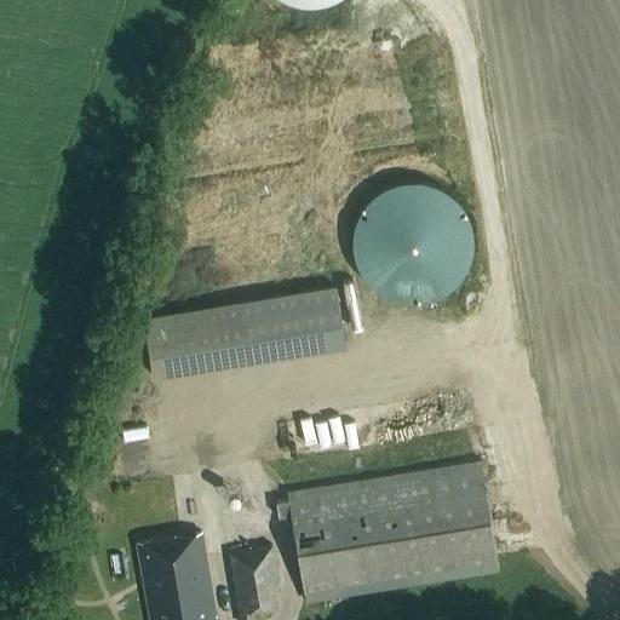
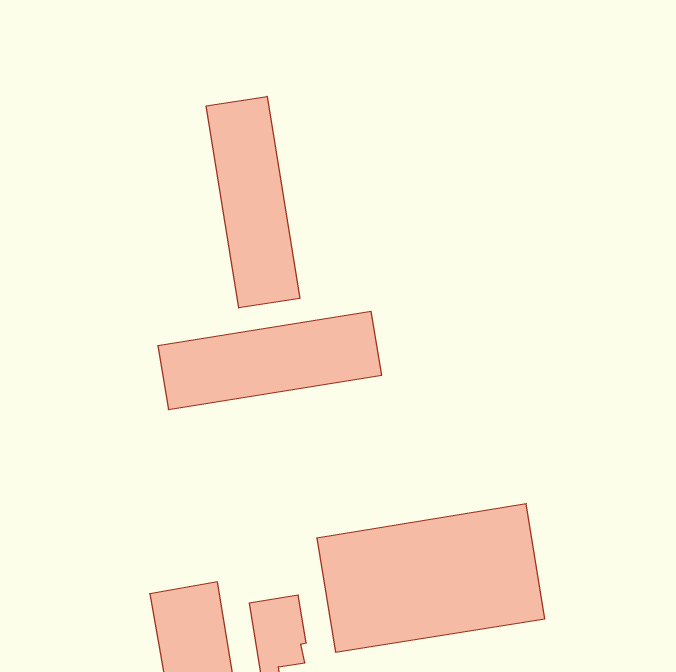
building: none -> [206,96,300,308]
building: [356,185,469,297] -> none

